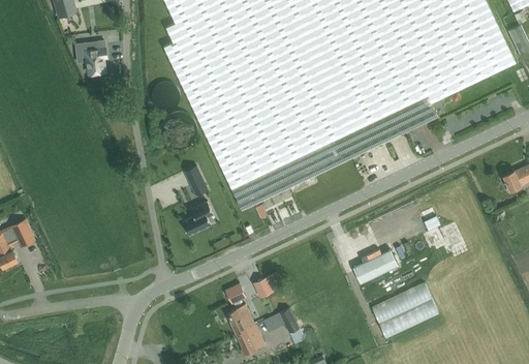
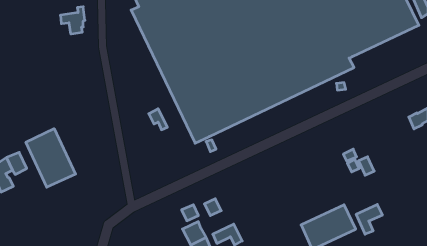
building: none -> [26,129,76,187]
building: [183,201,213,235] -> none
building: [353,249,398,282] -> none
building: none -> [356,204,382,234]

